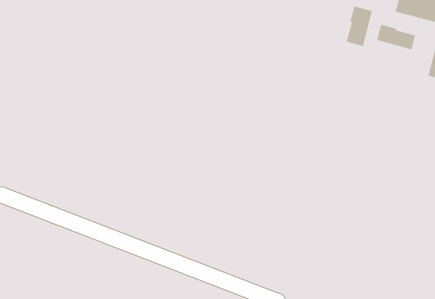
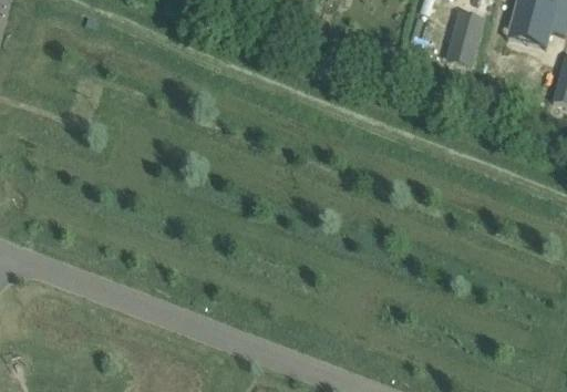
building: [376,24,416,50] -> none

